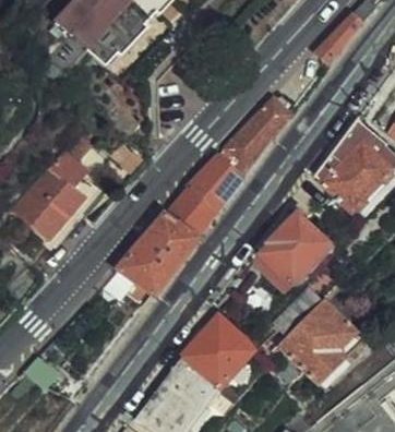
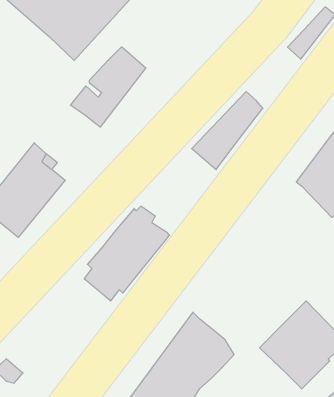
building: [169,153,243,231] -> [70,47,146,127]
building: [261,209,342,296] -> none

